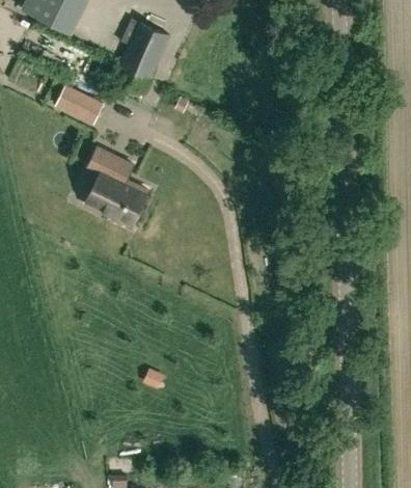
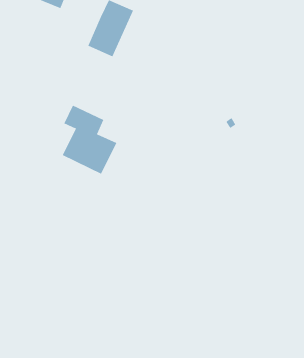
building: [54,84,103,124] -> none

